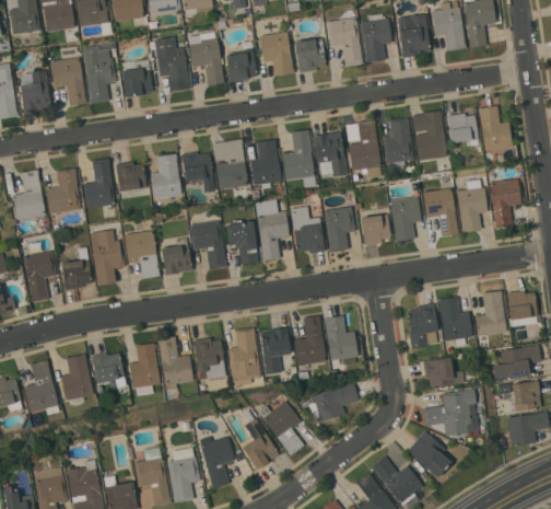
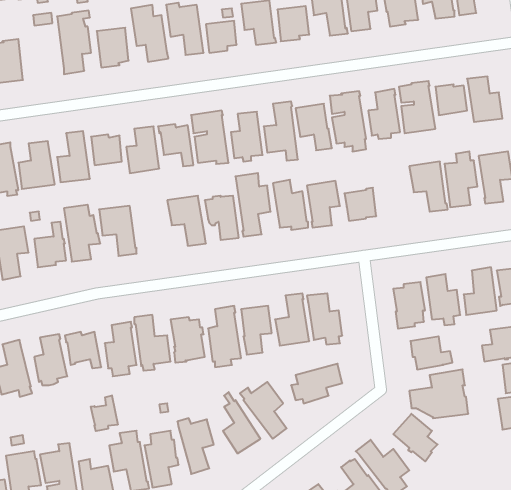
building: [50,58,86,106] -> none
building: [390,196,421,242] -> none
building: [161,244,191,275] -> none
building: none -> [91,395,118,431]

